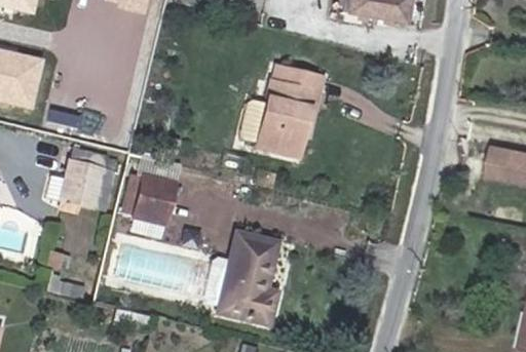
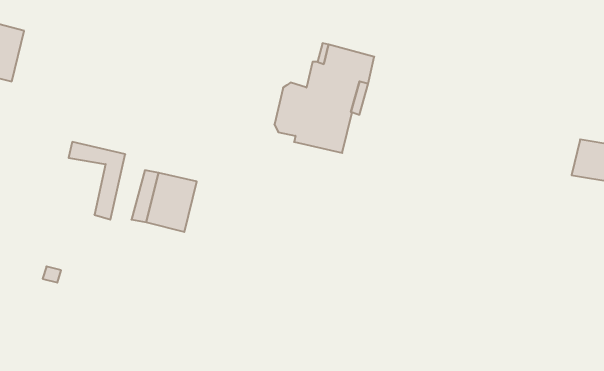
building: [46,162,101,217] -> none
building: [221,235,277,322] -> none

